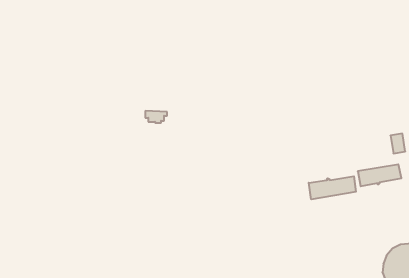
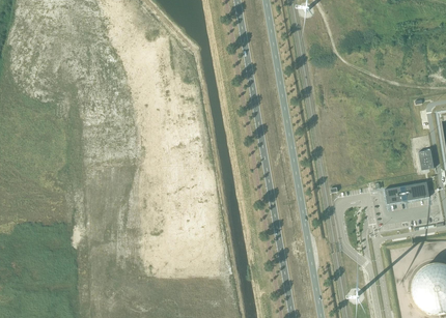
building: [309,176,356,199] -> none

